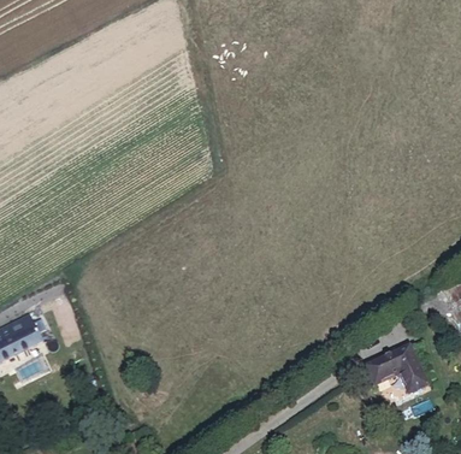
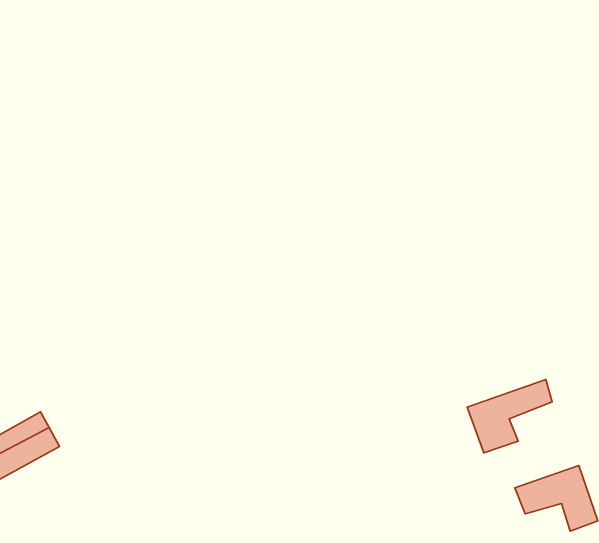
building: none -> [467,380,552,453]

